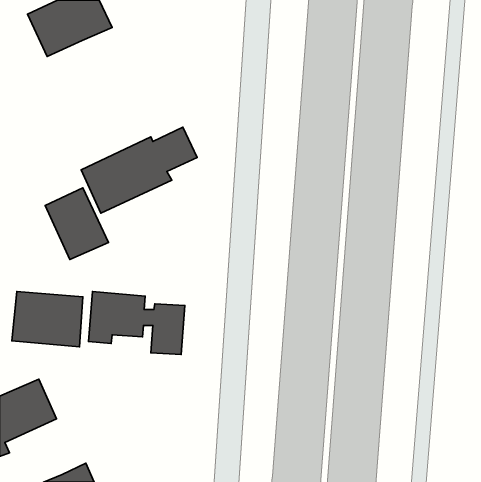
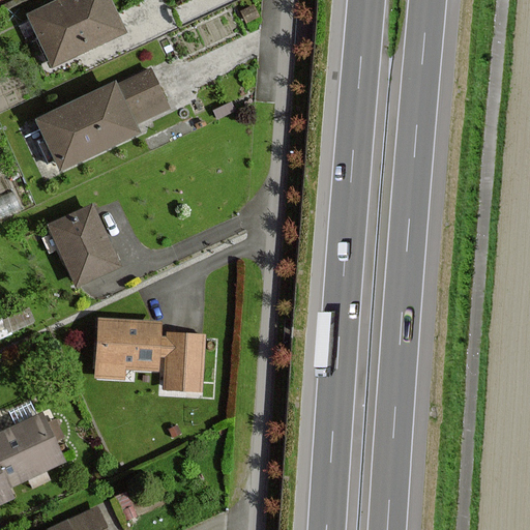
building: [81,127,197,213] -> [38,73,166,168]
building: [12,291,83,347] -> none

